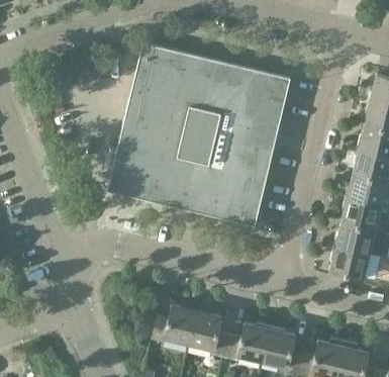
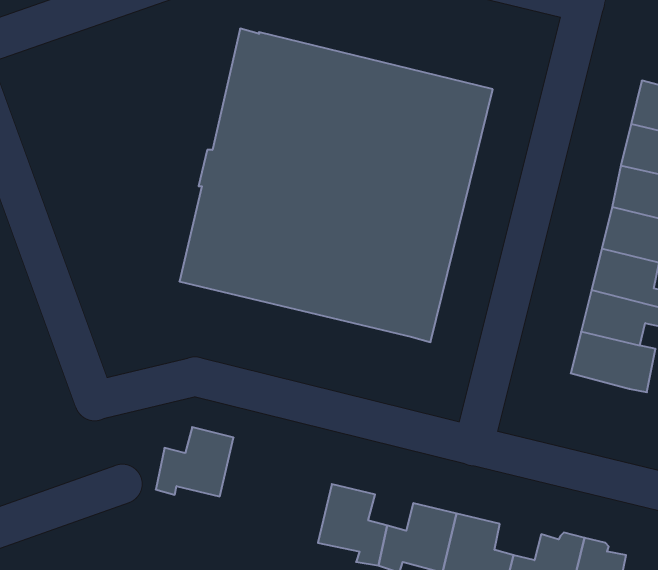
building: [329,245,370,278] -> none
building: [151,303,196,344] -> [156,427,234,496]

